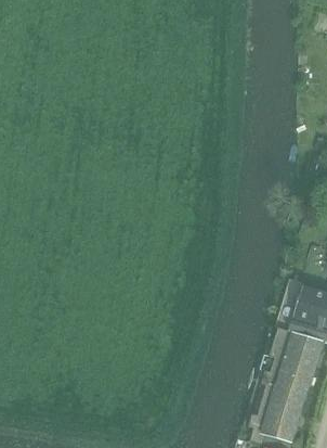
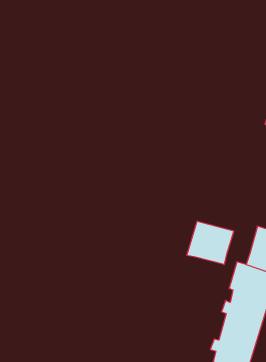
building: none -> [187,221,234,265]

